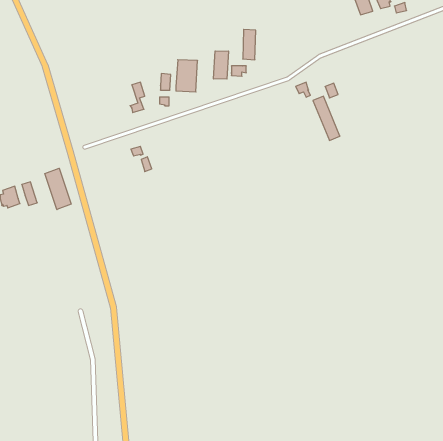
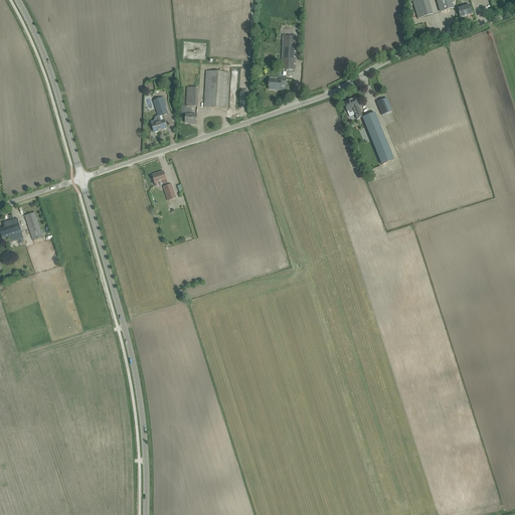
building: [214,51,228,79] -> none
building: [45,168,71,210] -> none

